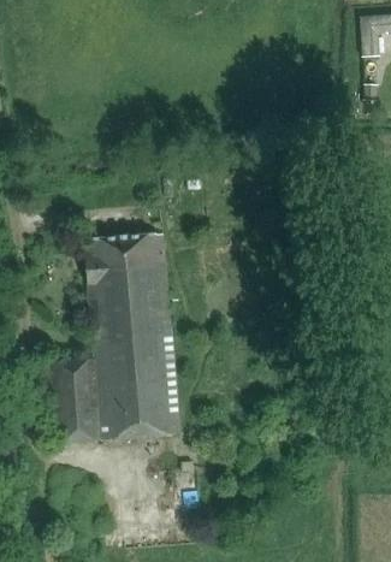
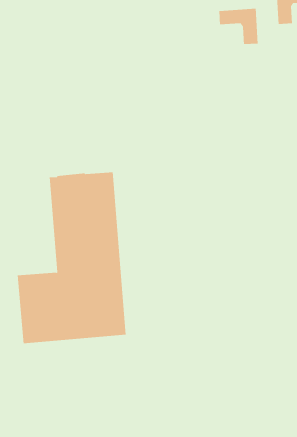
building: none -> [219,8,258,45]

